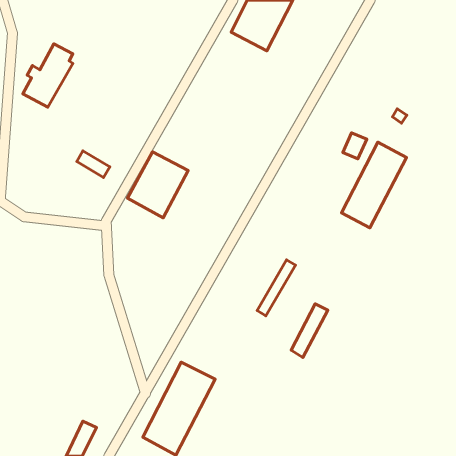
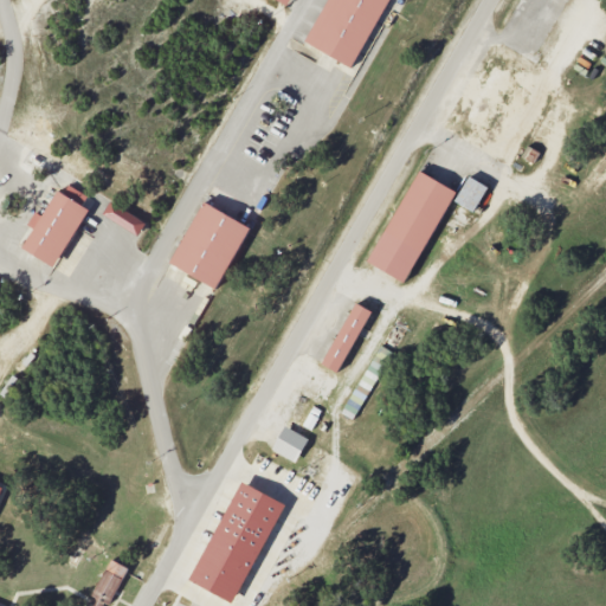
building: [23,44,73,107] -> [21,182,88,266]
building: [341,142,407,228] -> [368,169,454,283]
building: [291,304,328,357] -> [322,302,370,373]
building: none -> [272,426,307,460]

